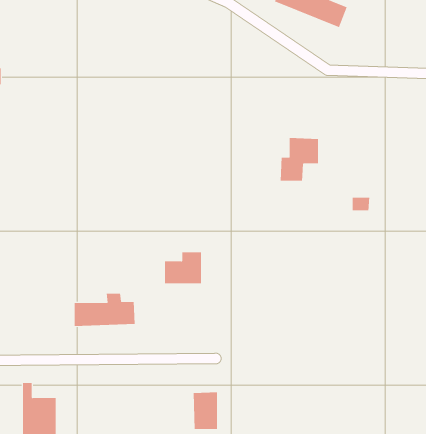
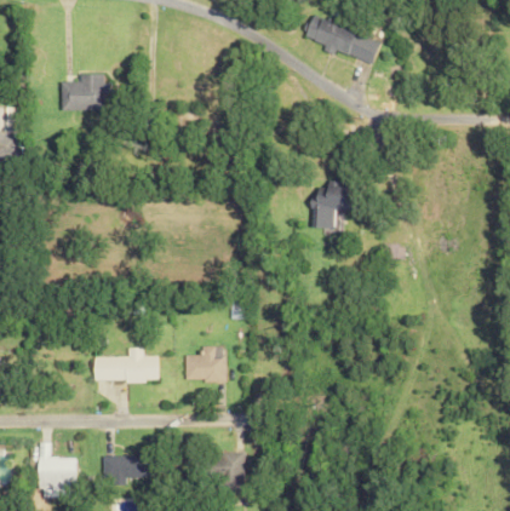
building: none -> [59,74,110,110]
building: [164,252,202,284] -> [185,345,225,379]
building: none -> [103,454,150,482]

